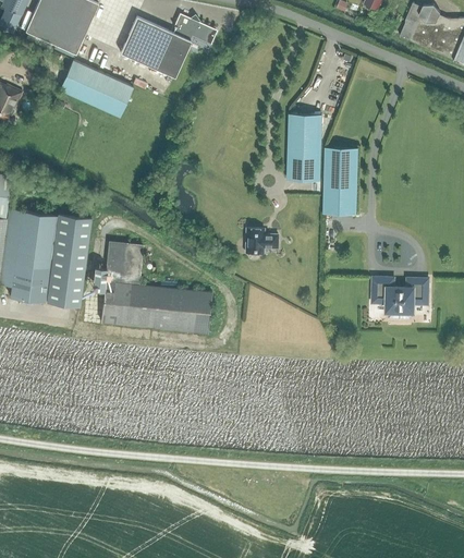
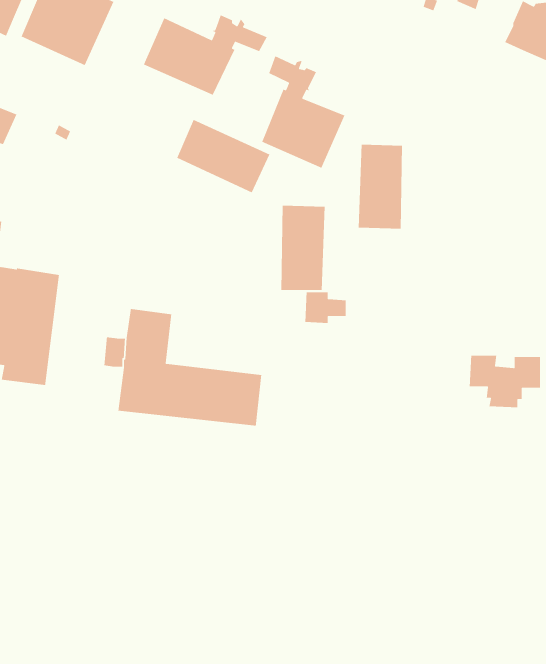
building: none -> [261,55,345,169]
building: [60,60,133,118] -> [176,119,270,193]
building: [323,147,358,214] -> [280,205,325,291]
building: [47,214,91,306] -> none

